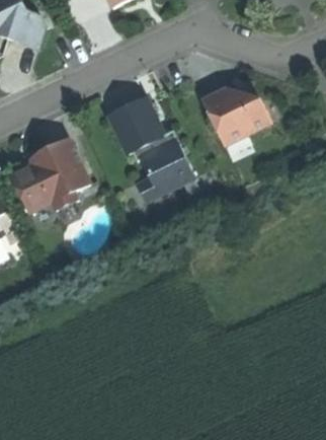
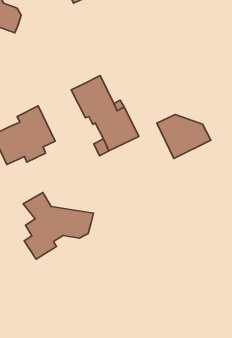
building: [202,89,270,145] -> [157,114,211,159]
building: none -> [23,193,93,259]

